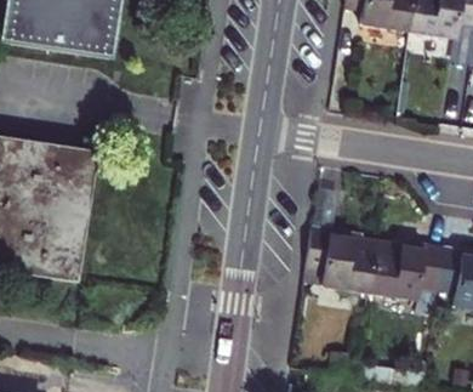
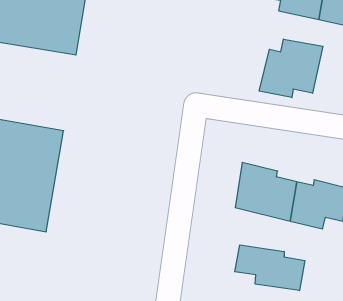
building: none -> [259,39,323,98]
building: none -> [235,245,305,291]

